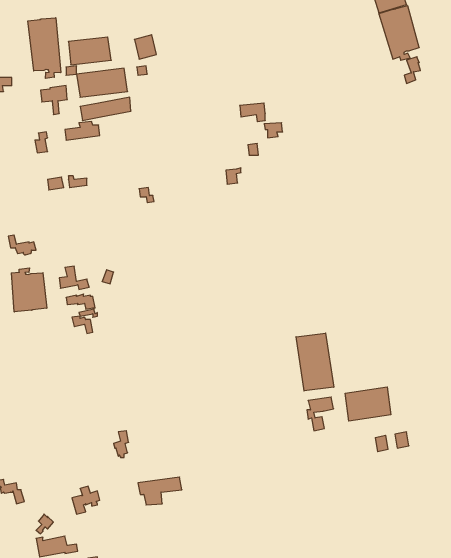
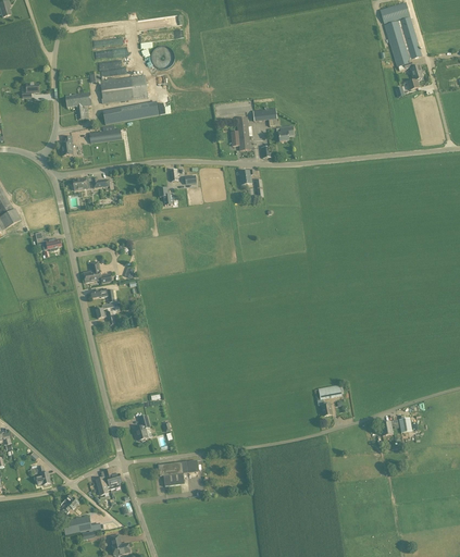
building: [28,18,61,78] -> none
building: none -> [231,116,250,150]
building: [11,268,47,312] -> none
building: [296,333,334,391] -> none
building: [345,387,391,421] -> none

